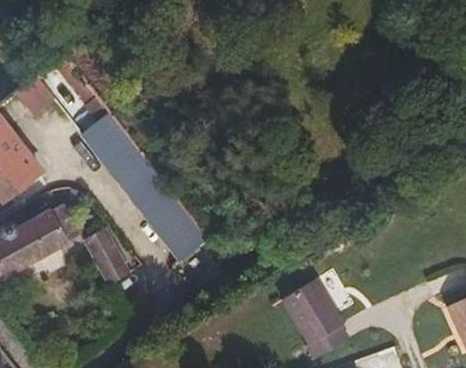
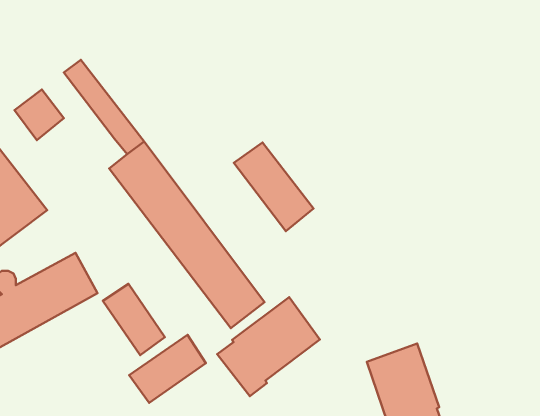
building: none -> [234,142,313,231]
building: none -> [217,297,320,396]
building: none -> [129,335,206,403]

